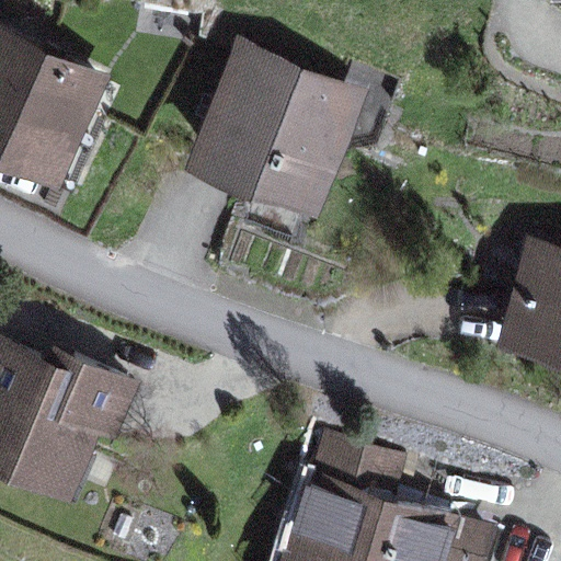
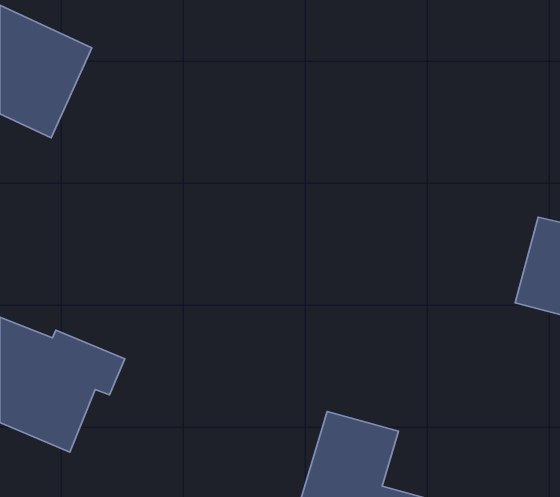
building: [204,55,351,198] -> none

